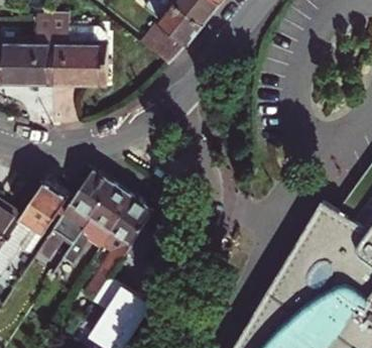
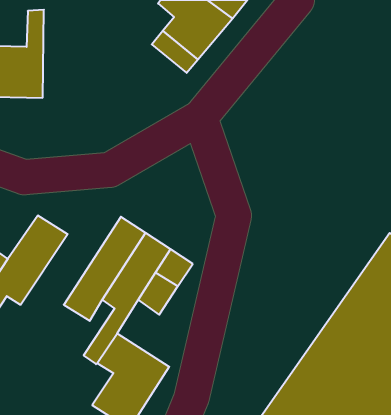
building: [51,14,110,87] -> none
building: [42,169,115,255] -> none

